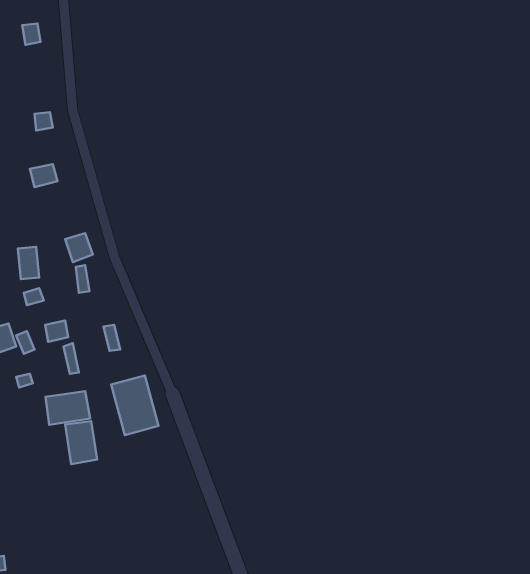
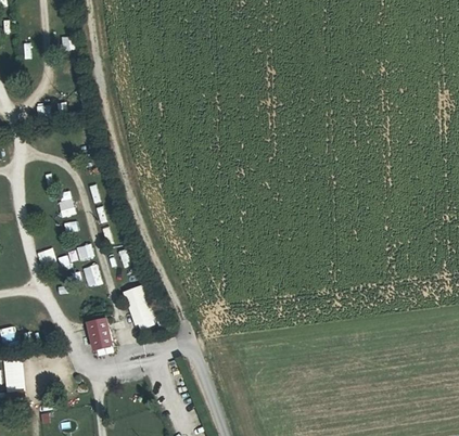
building: [45,391,90,425] -> none

